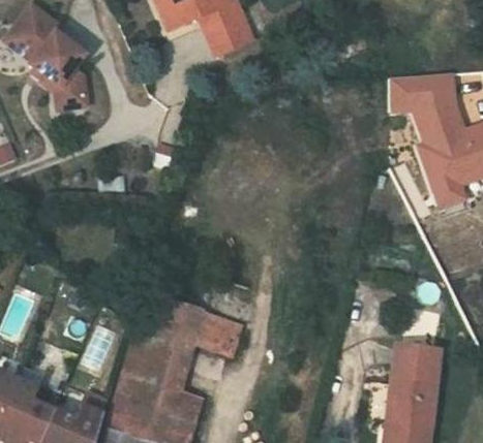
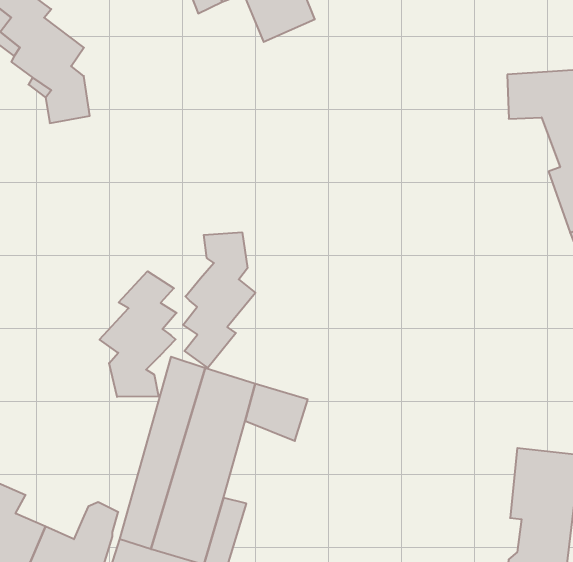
building: none -> [183,232,255,368]
building: none -> [100,271,177,397]

